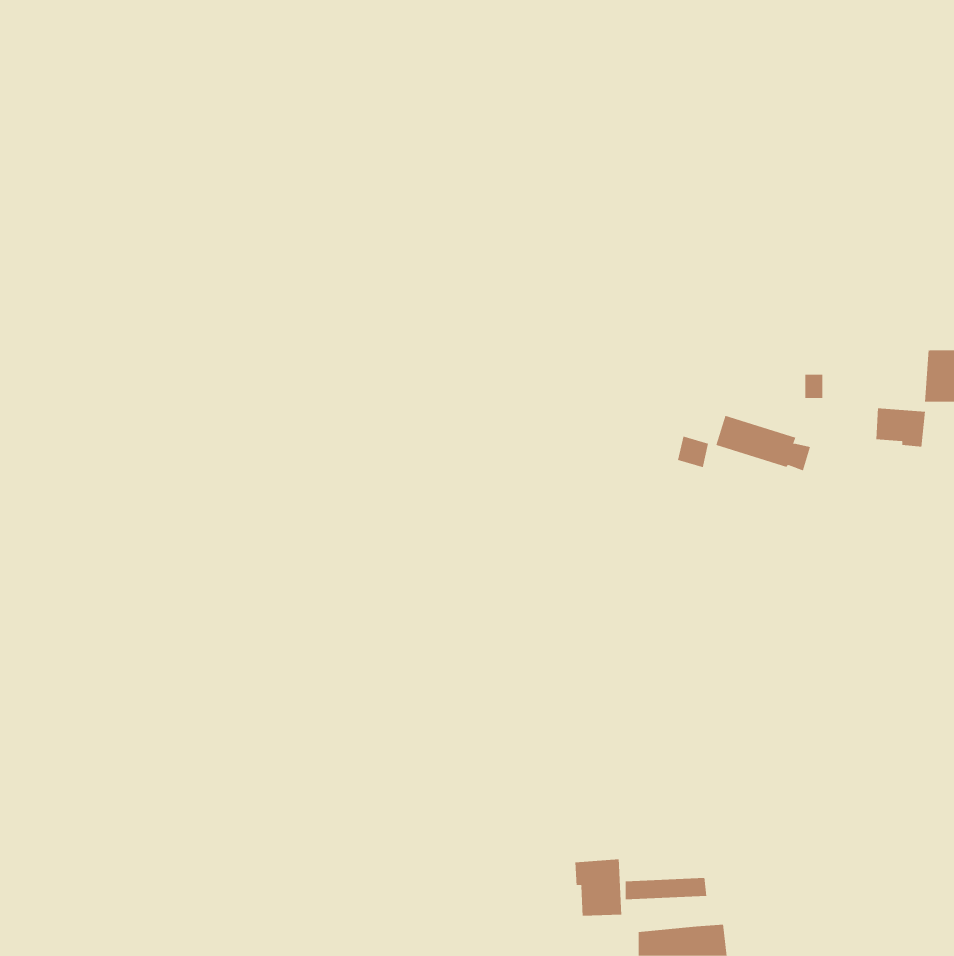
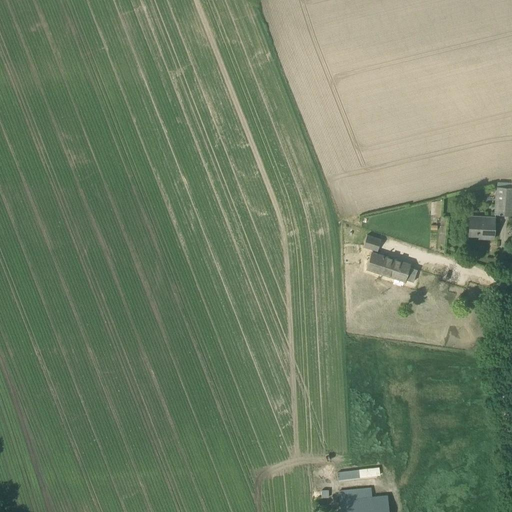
building: [716,415,811,471] -> [367,252,418,282]
building: [575,859,622,916] -> none

